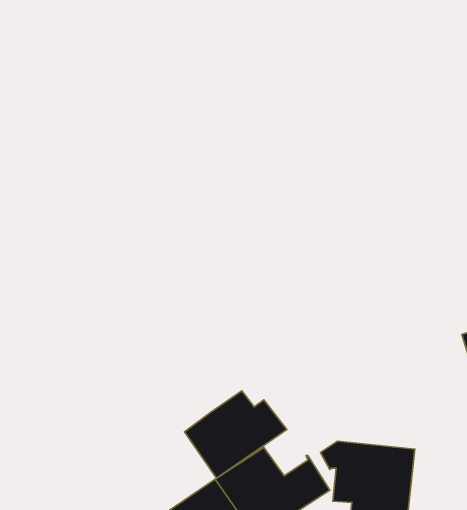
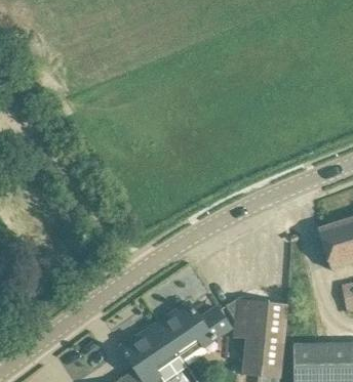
building: [184,391,287,478] -> none

